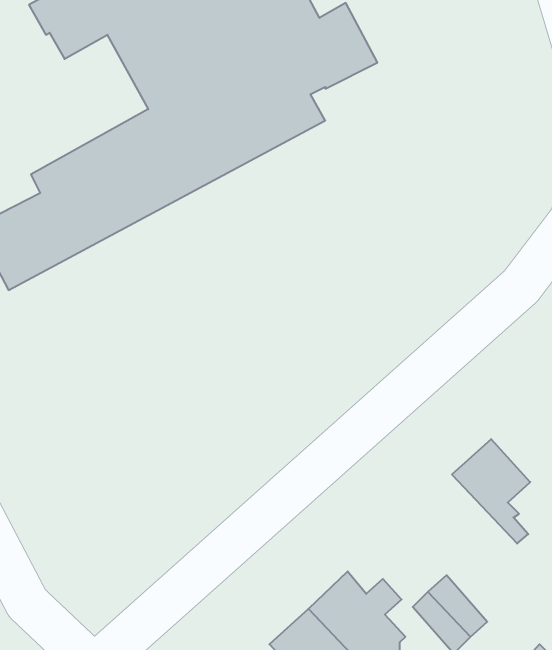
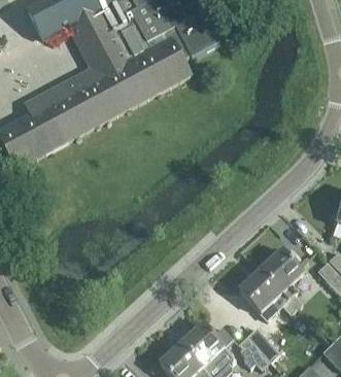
building: none -> [239,270,297,314]

